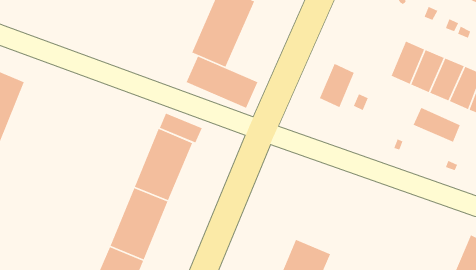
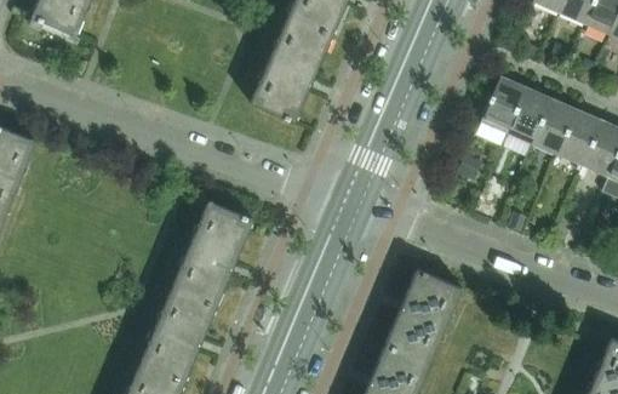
building: [186,56,258,109] -> none
building: [319,63,355,108] -> [480,75,526,133]
building: [412,107,461,143] -> none
building: [159,112,203,143] -> none
building: none -> [384,267,462,362]

